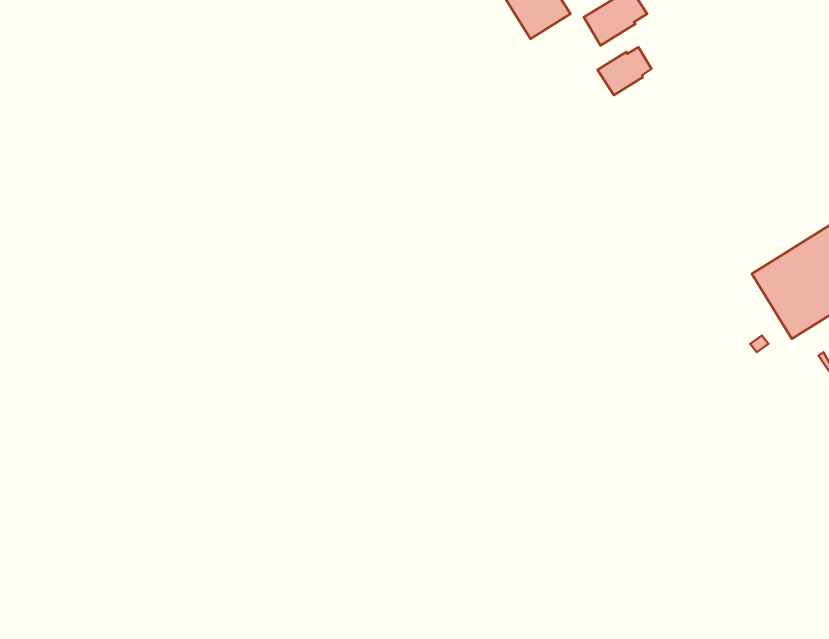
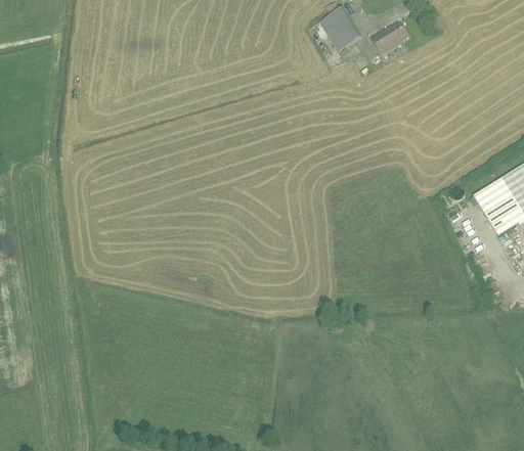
building: [598,47,651,95] -> none

